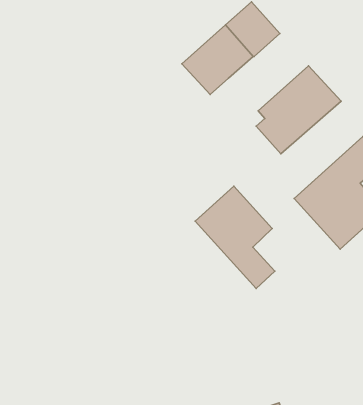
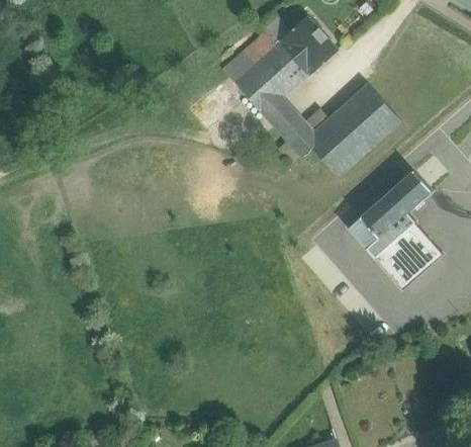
building: none -> [263,98,320,159]
building: [195,186,275,288] -> none

